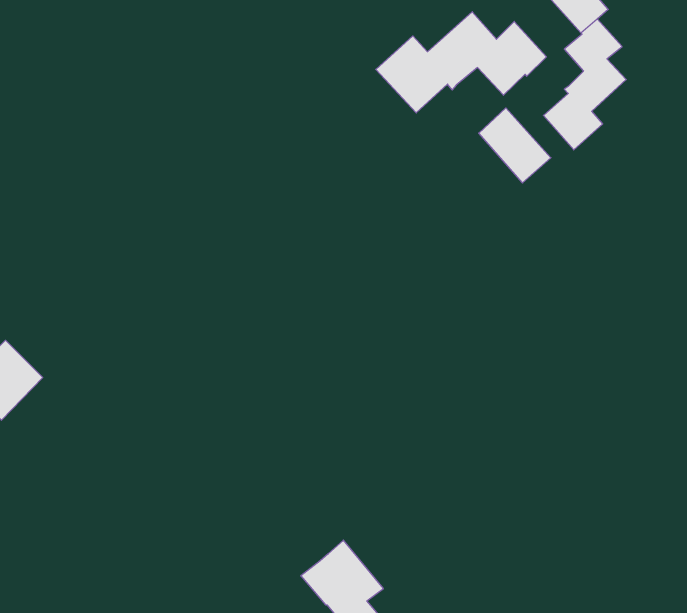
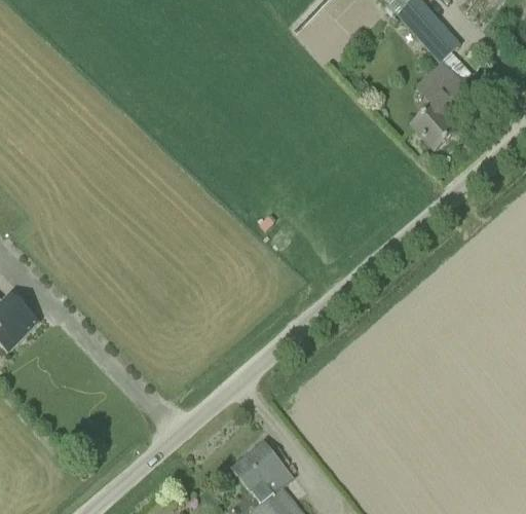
building: [376,12,546,113] -> none
building: [479,108,551,183] -> none

